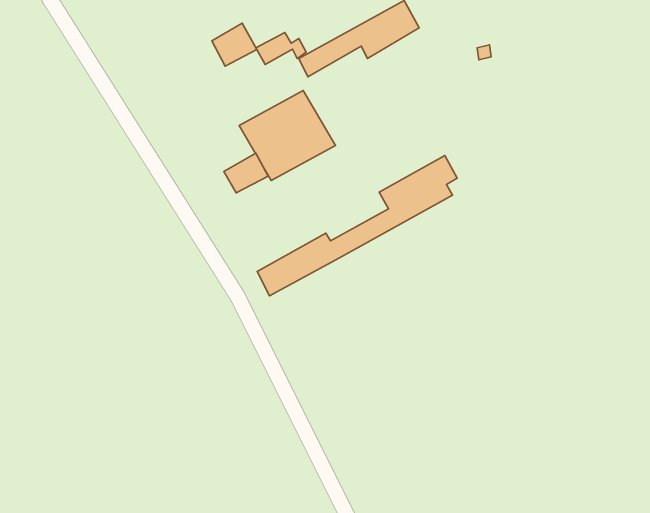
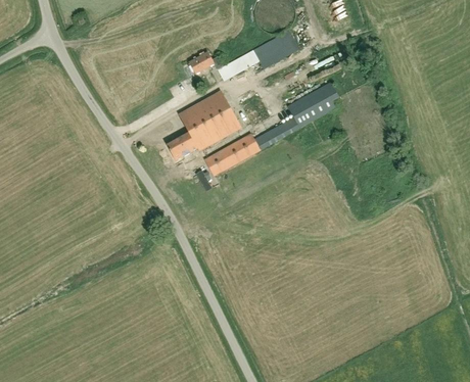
building: [212,23,257,66] -> none
building: [257,155,457,296] -> [205,81,339,175]

